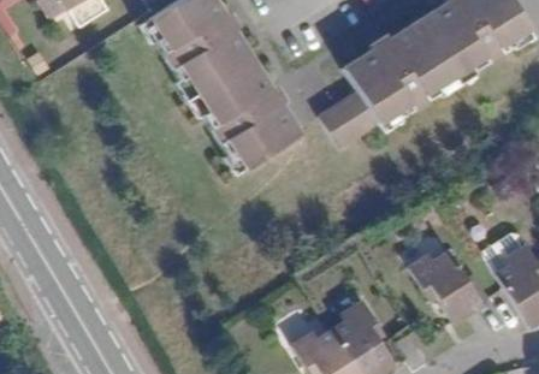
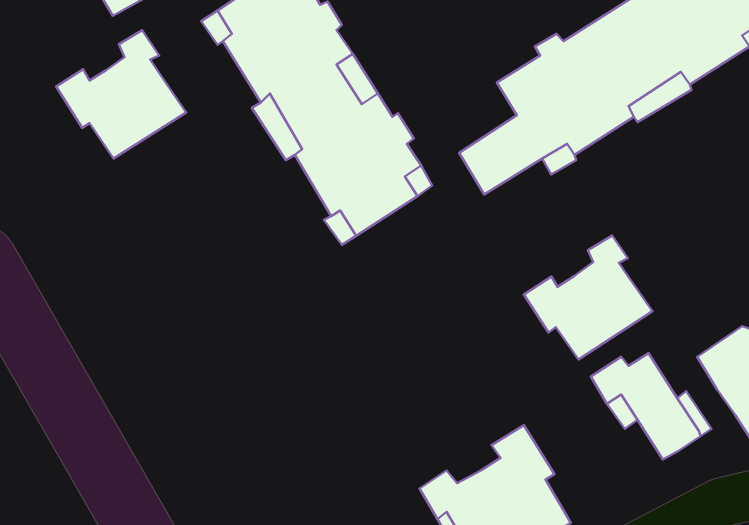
building: none -> [56,30,186,158]
building: none -> [524,235,653,359]

